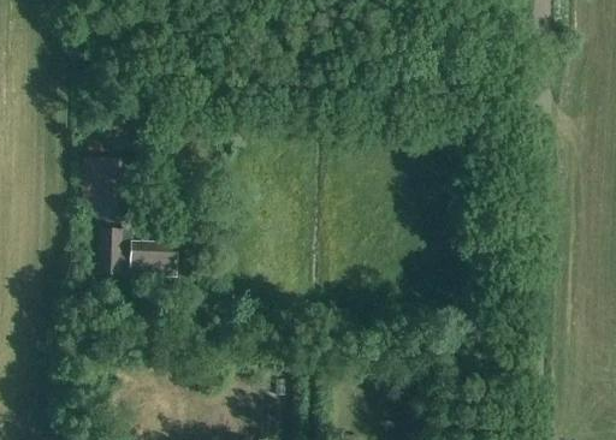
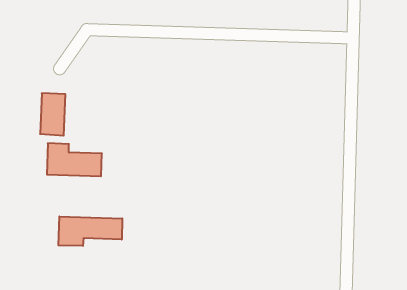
building: none -> [58,216,122,246]

